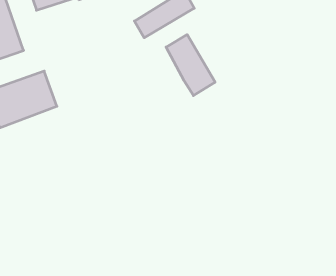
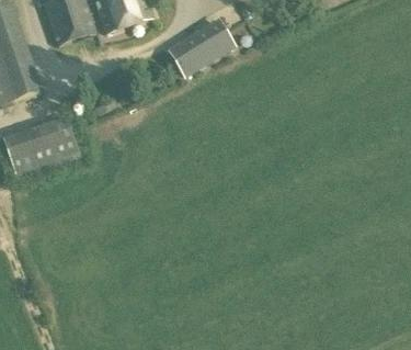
building: [166,35,215,96] -> none

